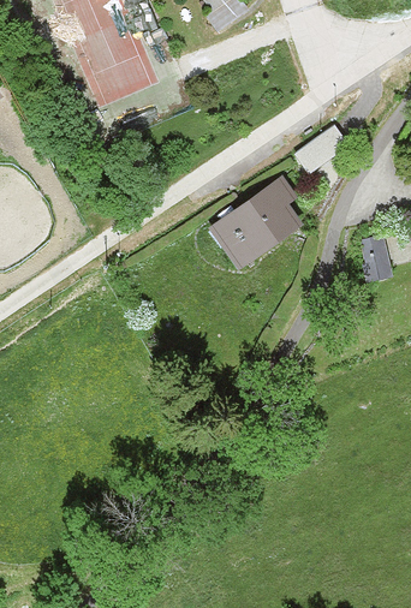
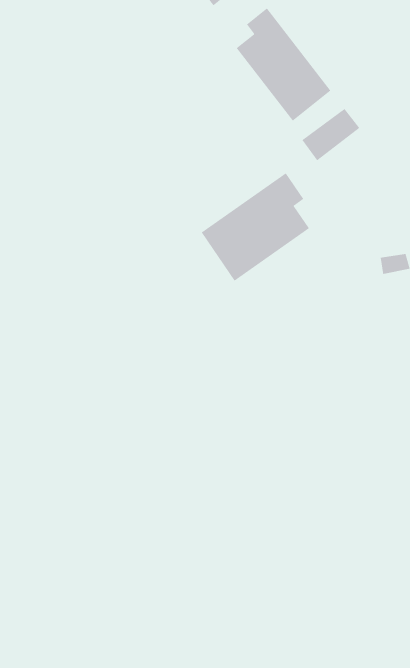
building: none -> [236,8,331,121]

